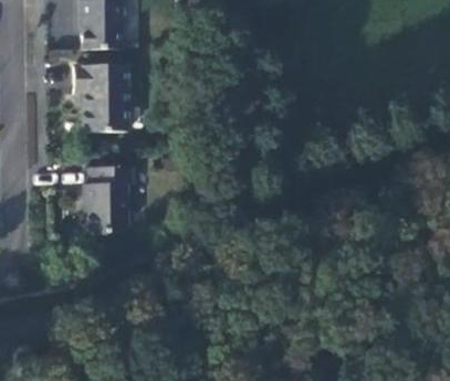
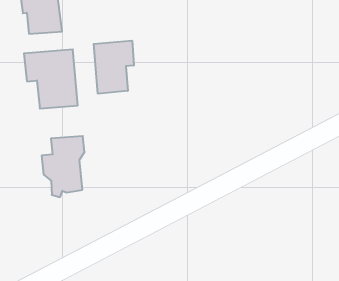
building: none -> [94,41,134,94]

